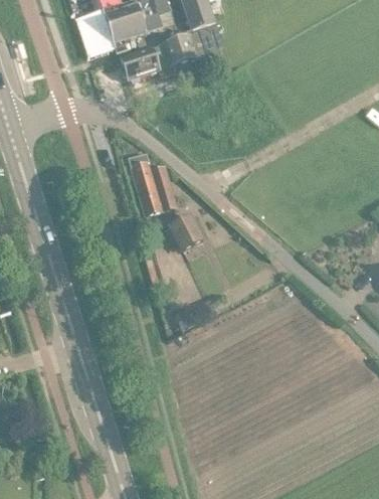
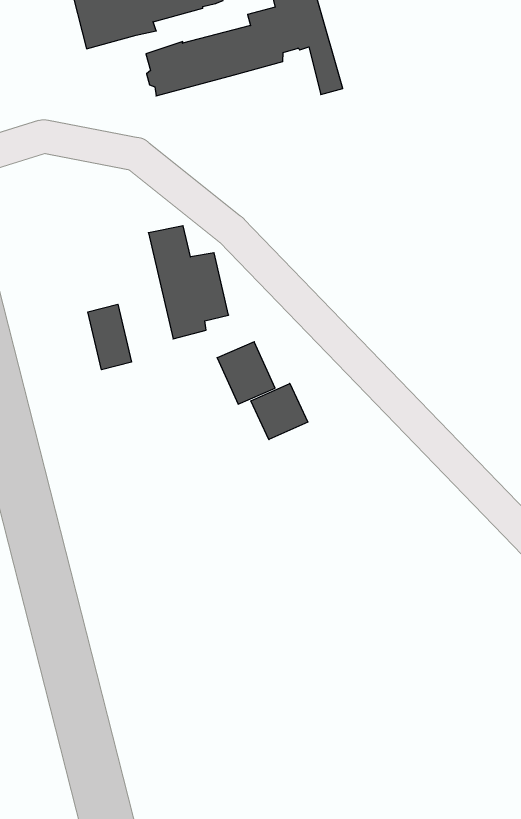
building: none -> [88,304,131,370]
building: none -> [251,383,308,440]

